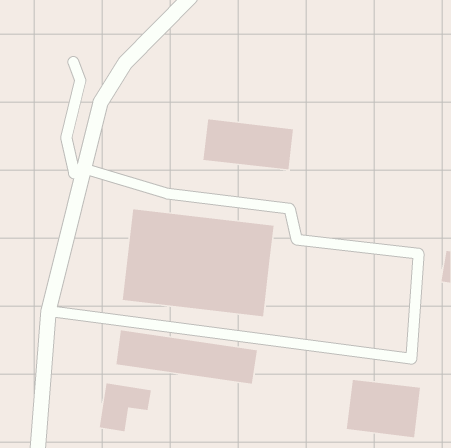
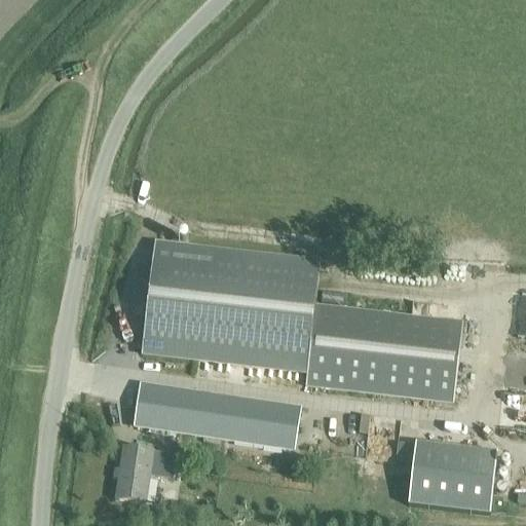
building: [202,118,294,170] -> none
building: none -> [305,303,462,401]

